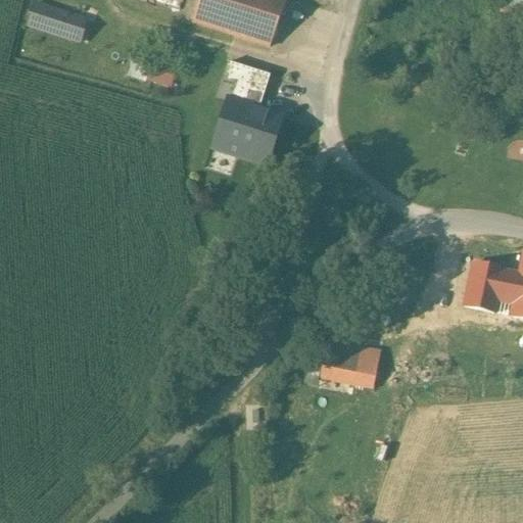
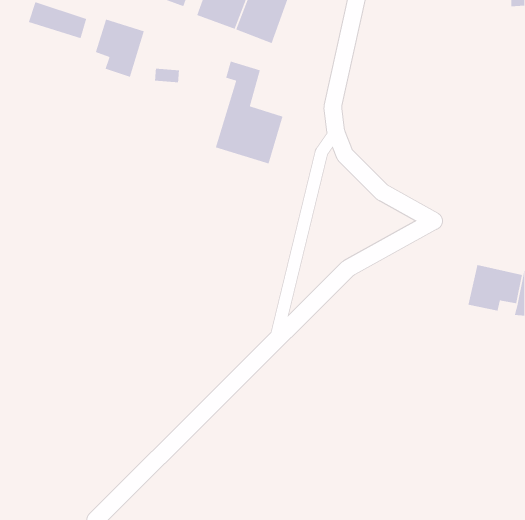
building: none -> [95,19,145,78]
building: [321,339,381,386] -> none

